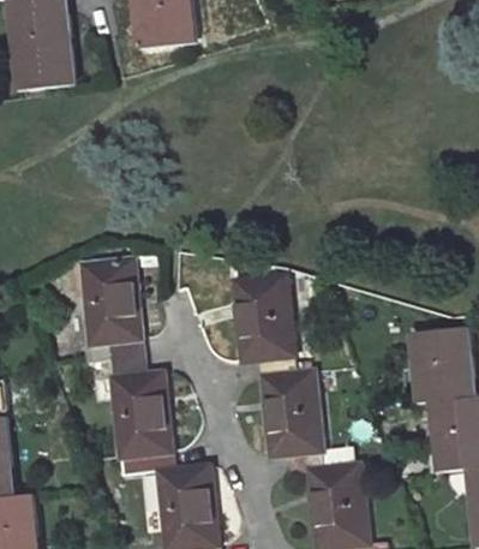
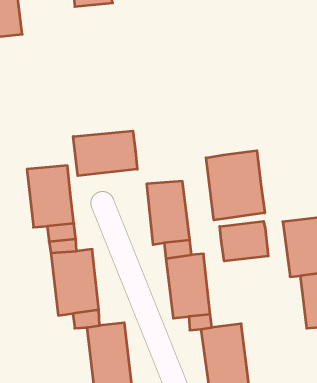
building: none -> [73,131,137,176]
building: none -> [206,151,265,220]
building: none -> [220,221,268,261]

